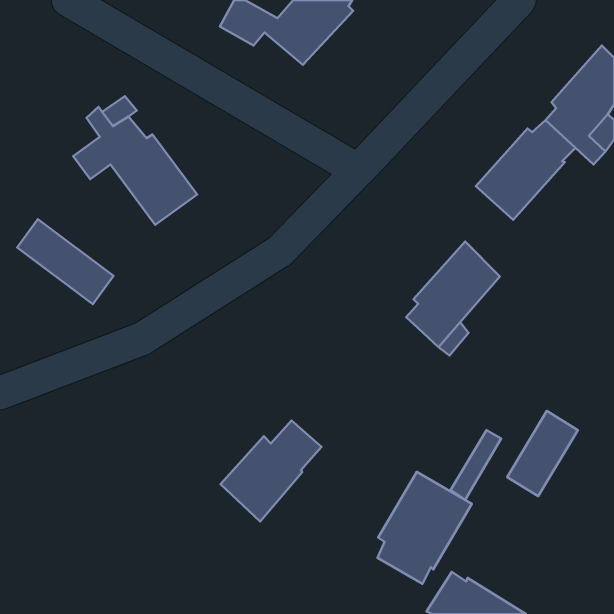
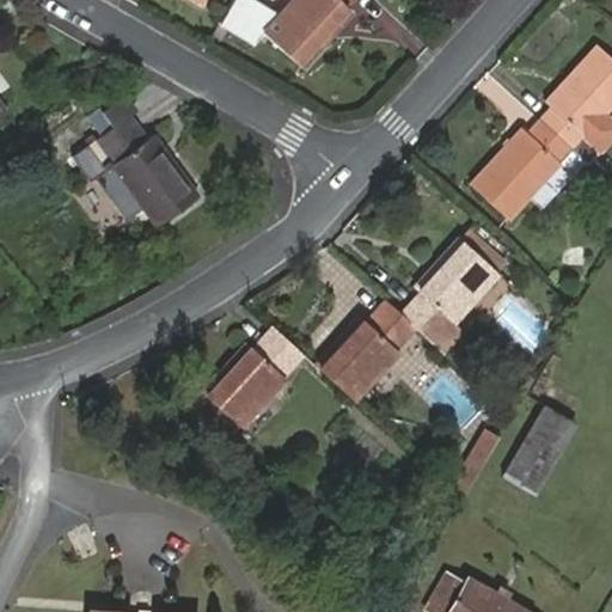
building: [17,219,113,304] -> none
building: none -> [320,300,416,400]
building: [221,421,321,521] -> [203,326,304,427]
building: [378,472,472,584] -> none

